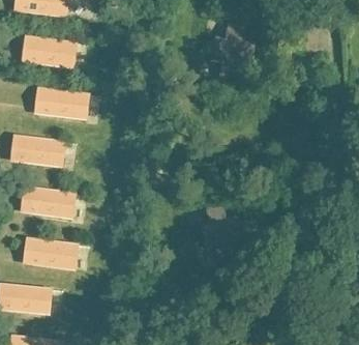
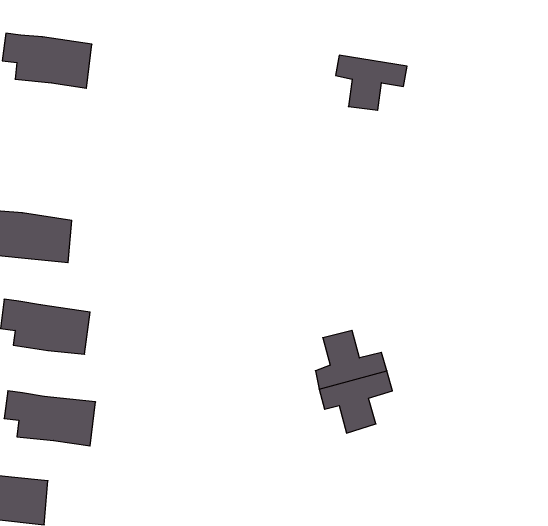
building: [214,24,255,55] -> none
building: [36,88,88,118] -> none

